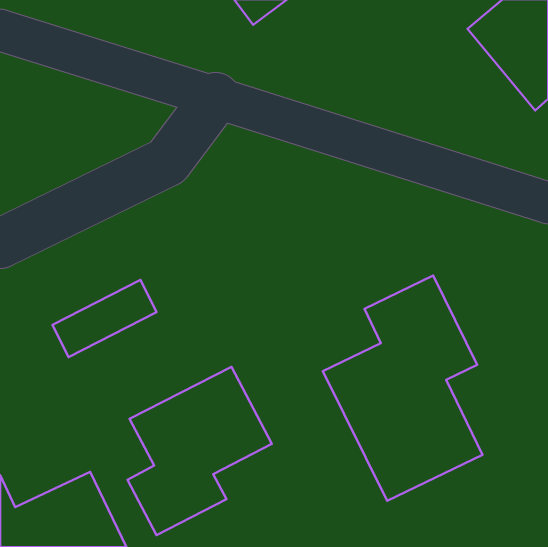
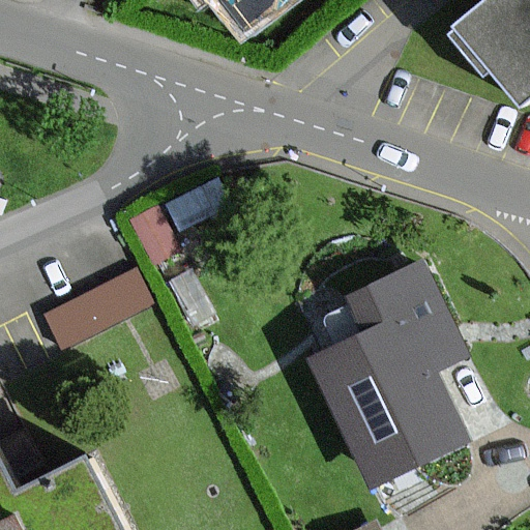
building: [128,367,272,535] -> none

